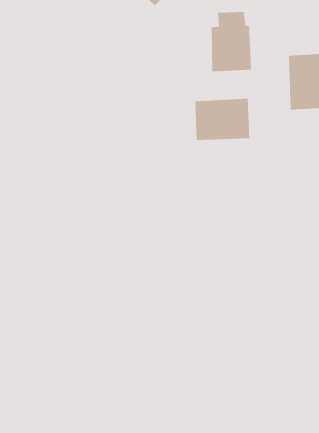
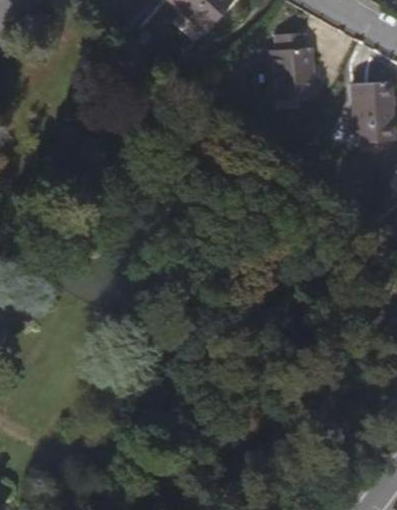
building: [195,98,250,141] -> none

